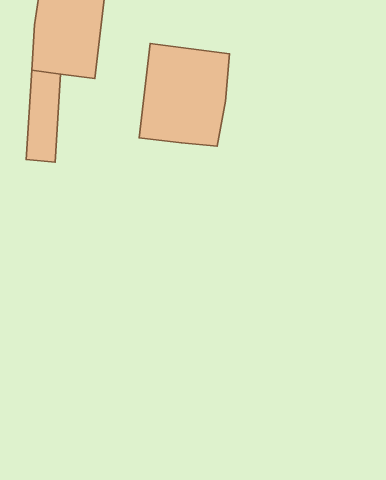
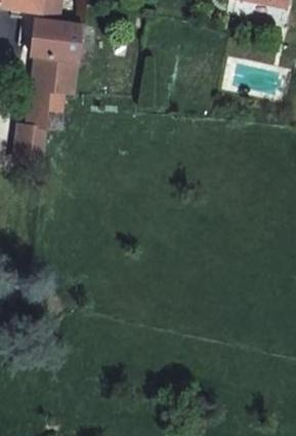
building: [139,44,230,146] -> none

